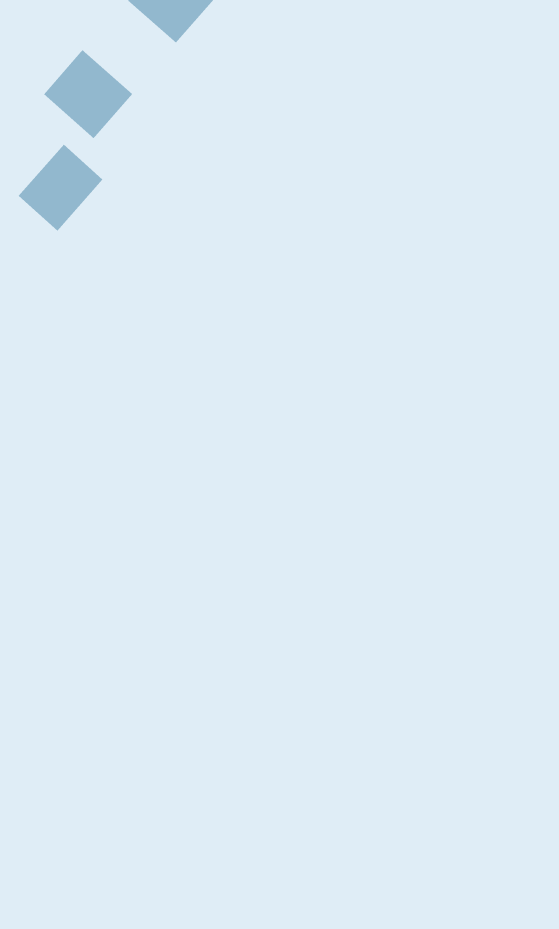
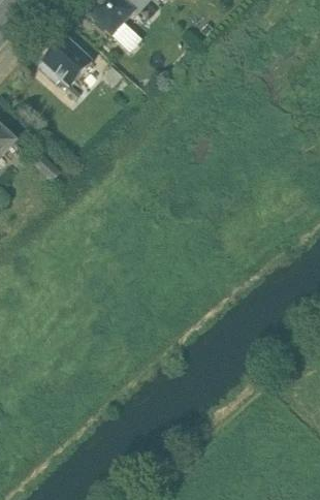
building: [18,144,103,232] -> none

